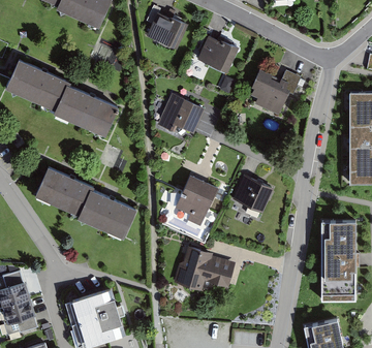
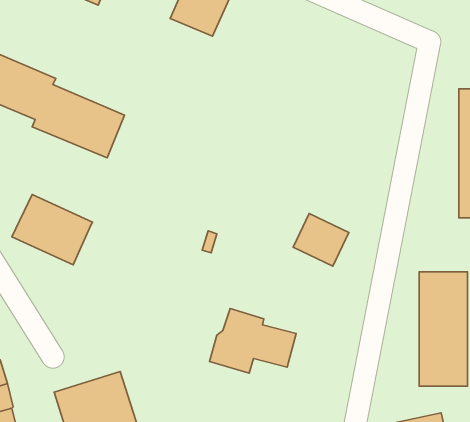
building: [196,36,239,74] -> none
building: [250,72,301,117] -> none
building: [158,92,206,131] -> none
building: [177,176,218,227] -> none
building: [78,185,137,235] -> none

